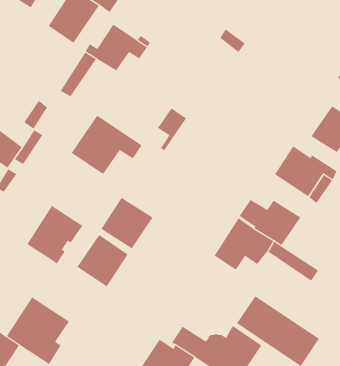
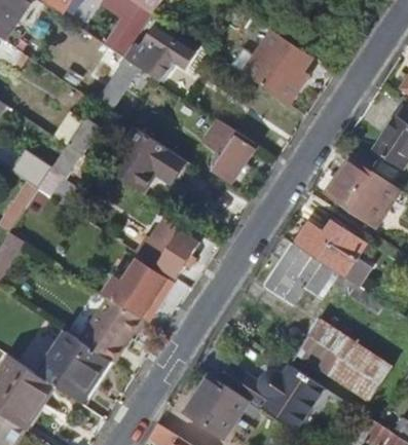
building: none -> [255,51,306,102]
building: none -> [213,133,257,182]
building: [27,205,83,265] -> [79,296,142,362]

